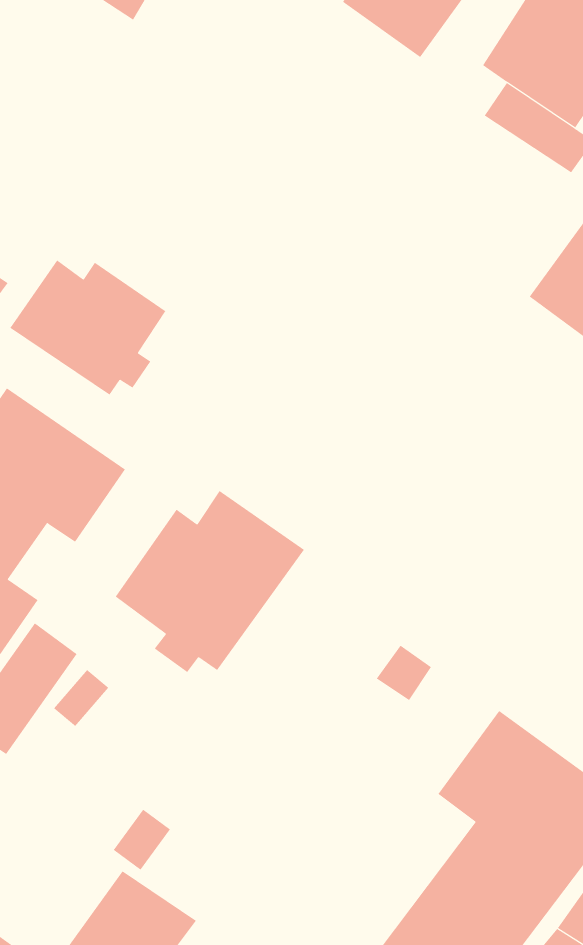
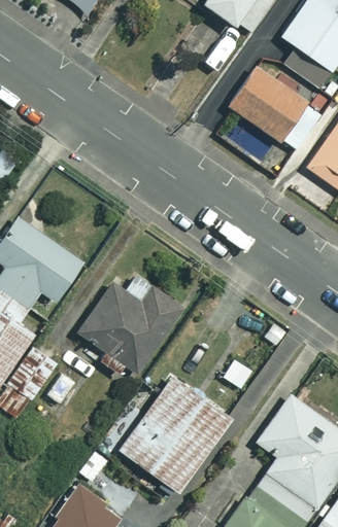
building: none -> [230,65,322,151]
building: [9,260,166,396] -> none
building: none -> [120,376,233,493]

